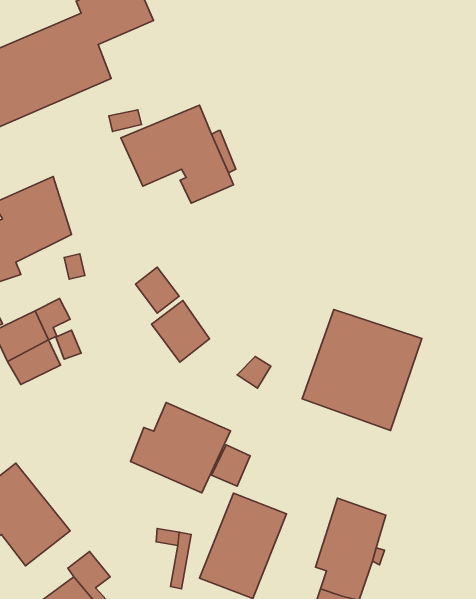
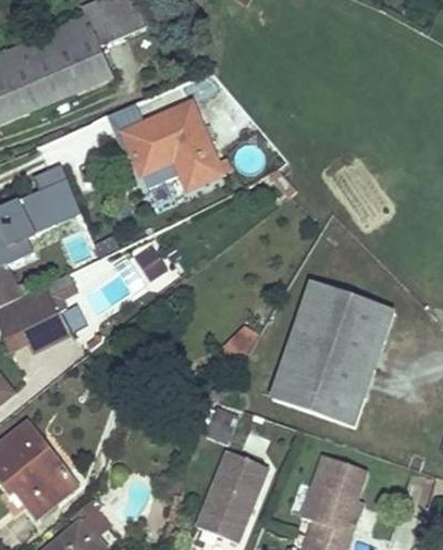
building: [151,300,209,362] -> none
building: none -> [274,364,365,424]
building: [131,403,230,493] -> none

